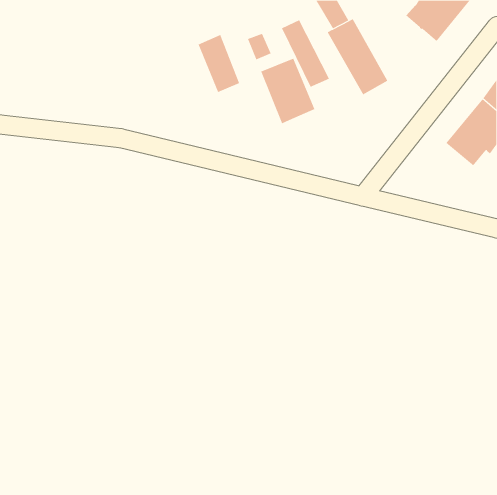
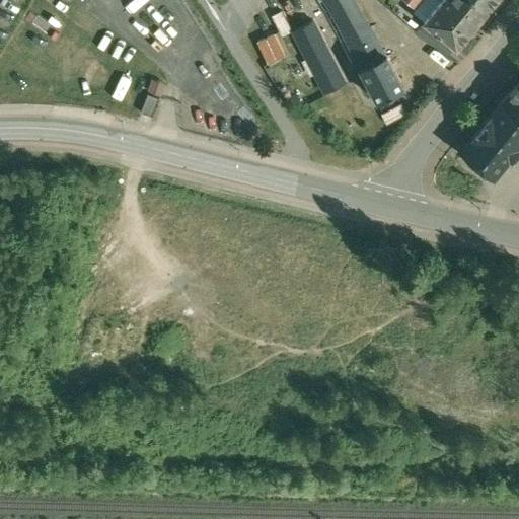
building: [198,34,240,93] -> none
building: [260,58,315,124] -> none

